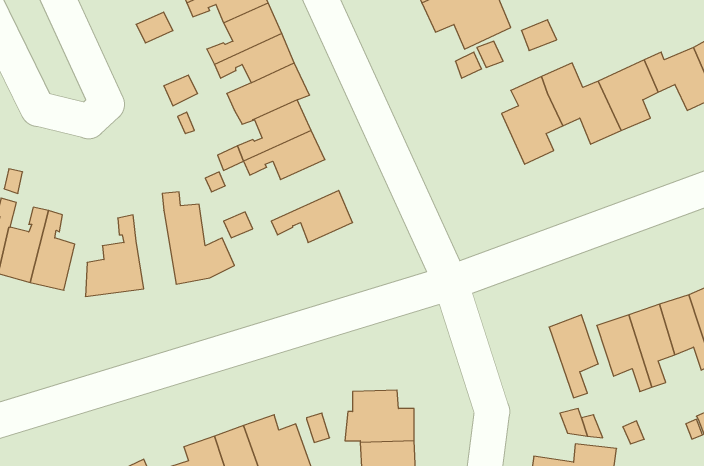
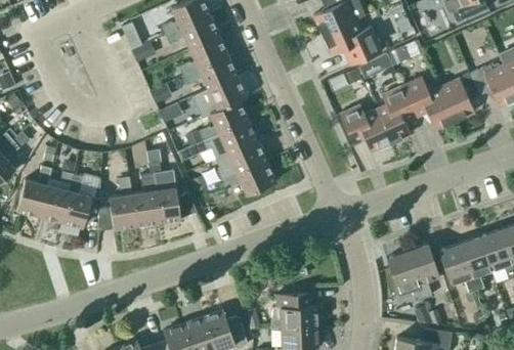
building: none -> [340,104,390,151]
building: none -> [217,139,266,180]
building: none -> [131,173,158,225]
building: none -> [386,251,423,301]

